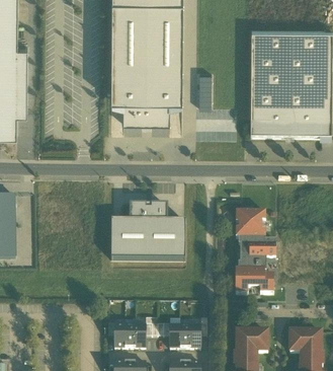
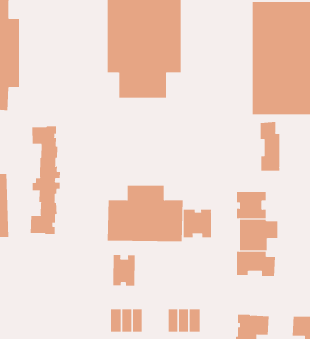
building: none -> [260,121,280,171]
building: none -> [30,125,60,235]
building: none -> [183,209,211,238]
building: none -> [113,254,135,286]

